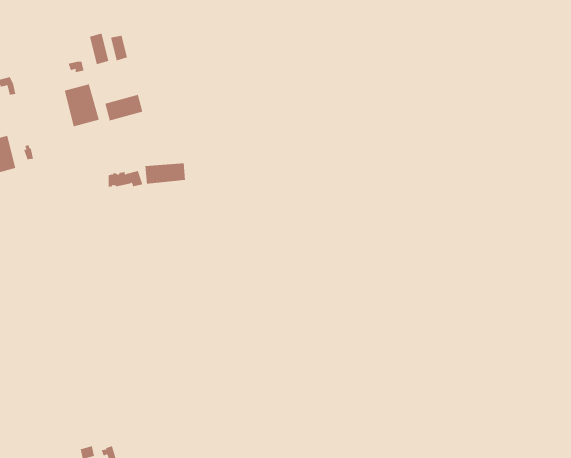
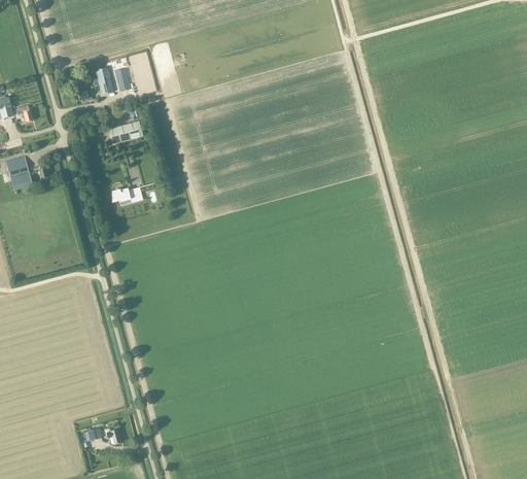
building: [64,84,100,127] -> none
building: [145,163,185,185] -> none

